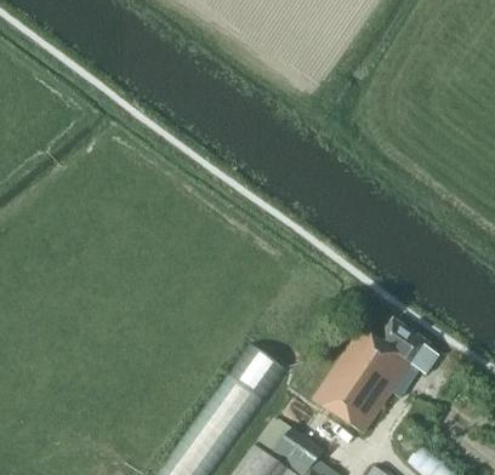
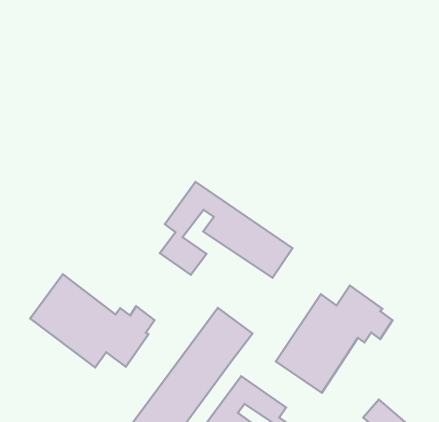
building: none -> [160,182,293,278]
building: none -> [30,274,154,368]

